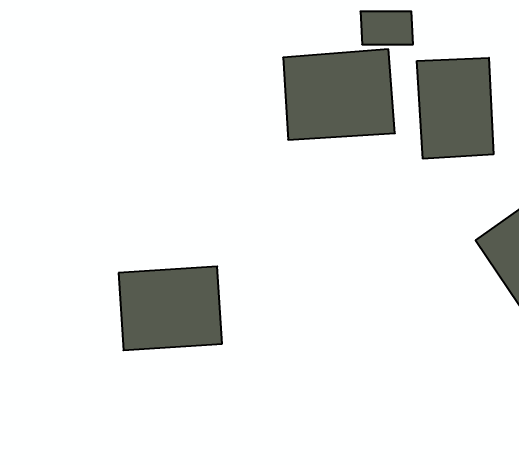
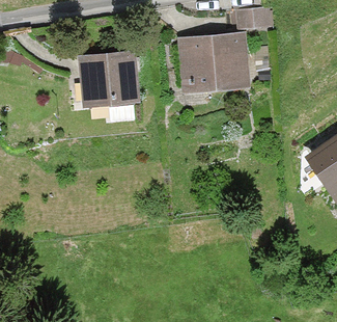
building: [417,58,493,159] -> none
building: [119,266,222,350] -> [77,51,142,104]

